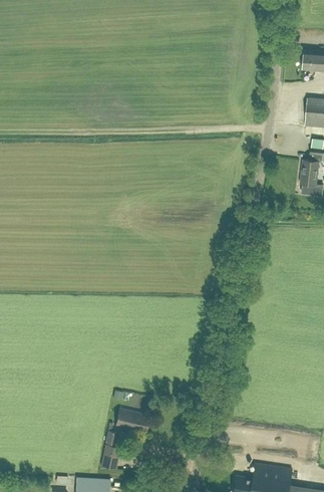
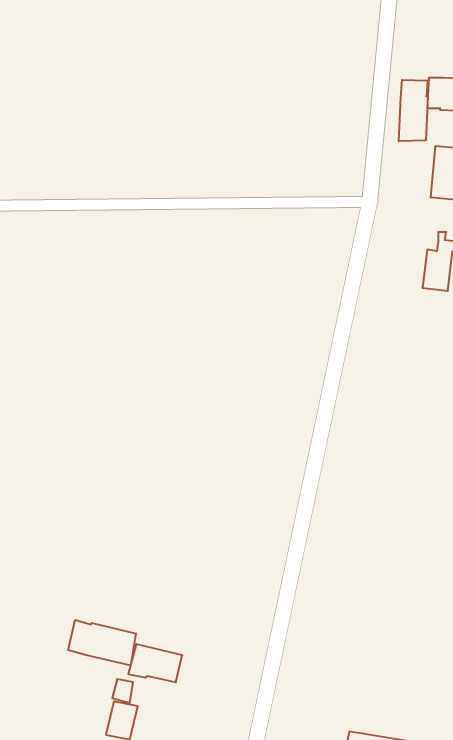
building: none -> [399,80,428,141]
building: none -> [68,620,136,666]

